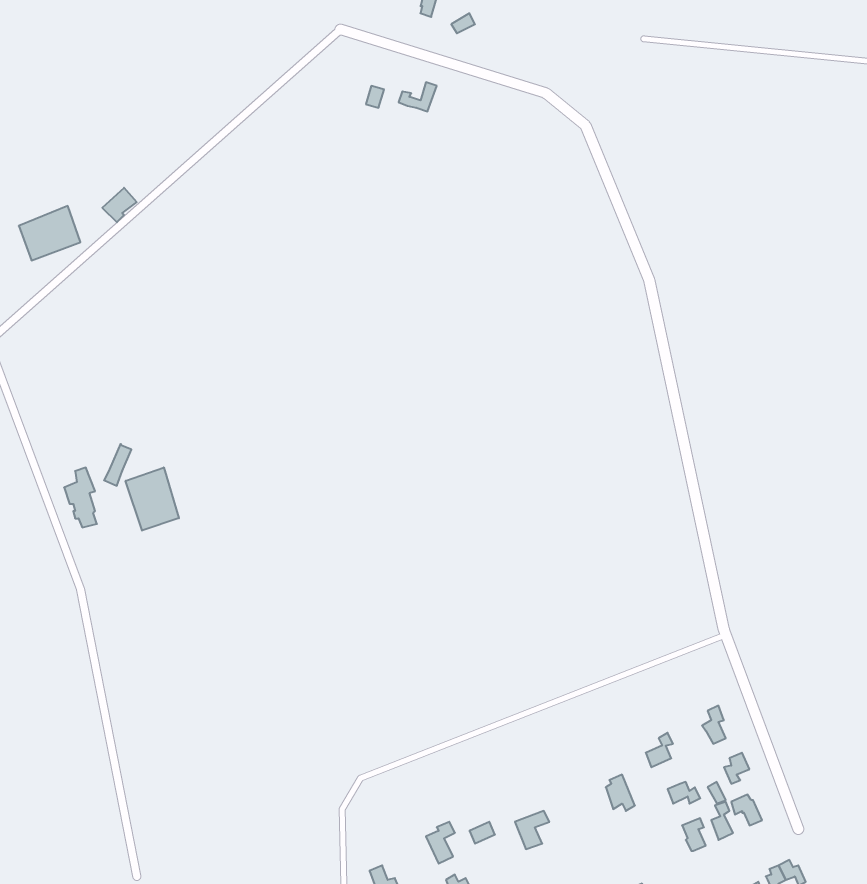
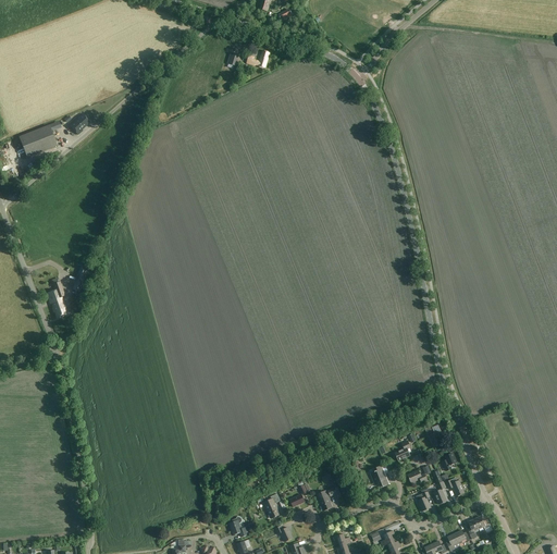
building: [126,467,179,531] -> none

